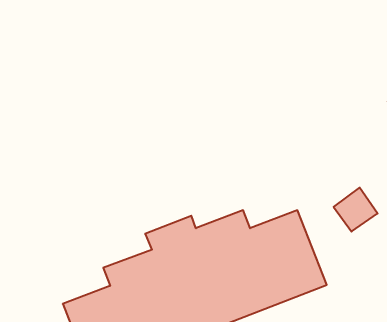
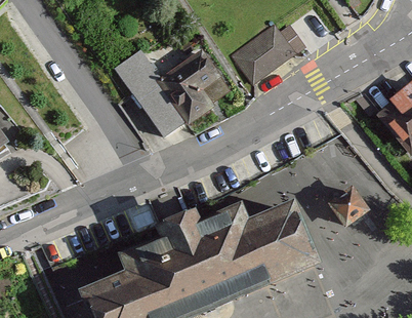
building: none -> [229,22,292,81]
building: none -> [114,44,230,135]

